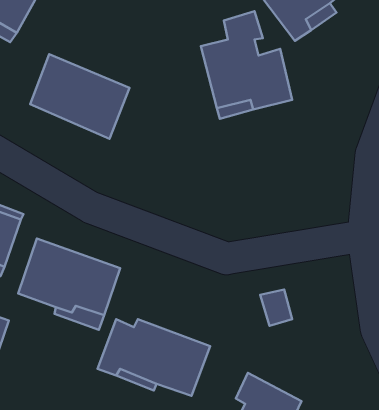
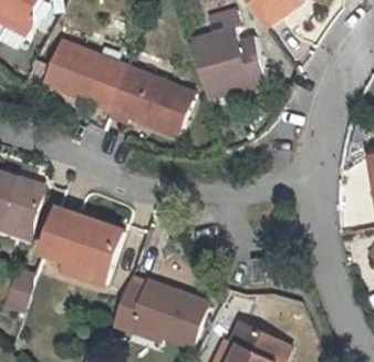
building: none -> [111,75,196,145]

